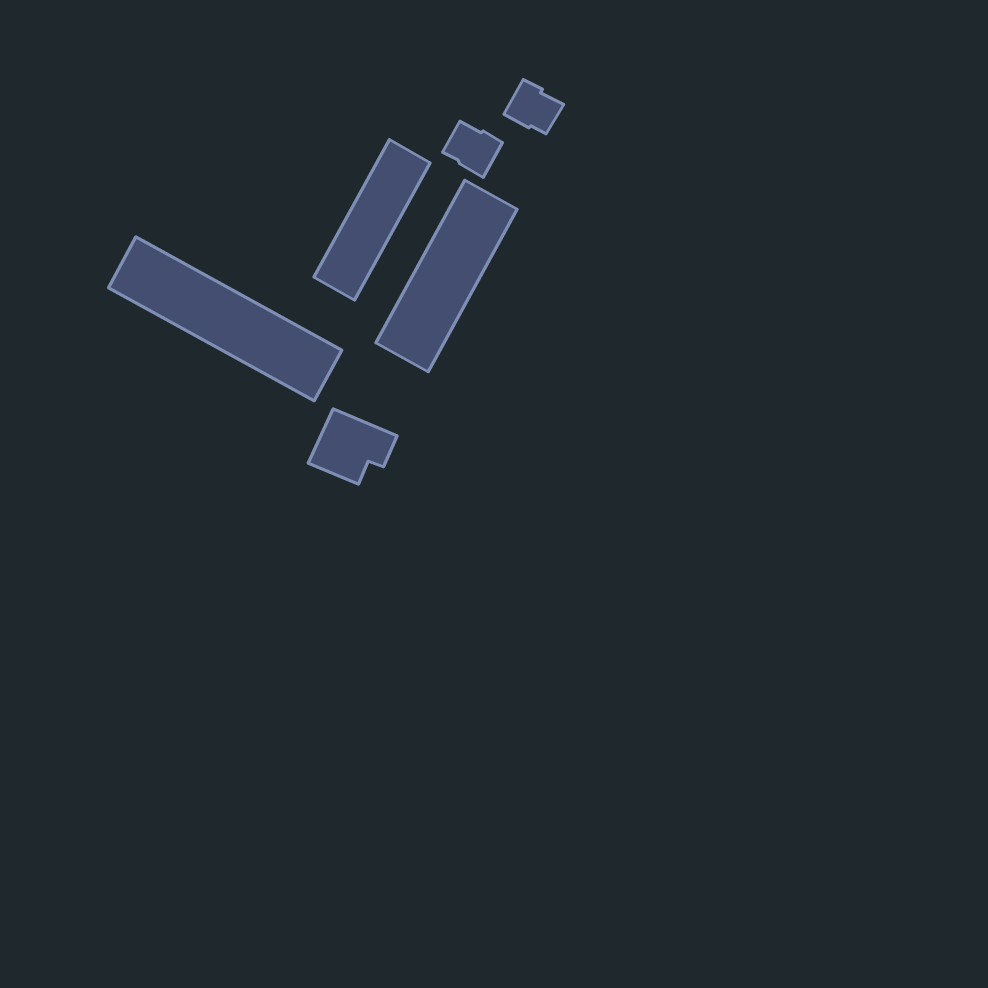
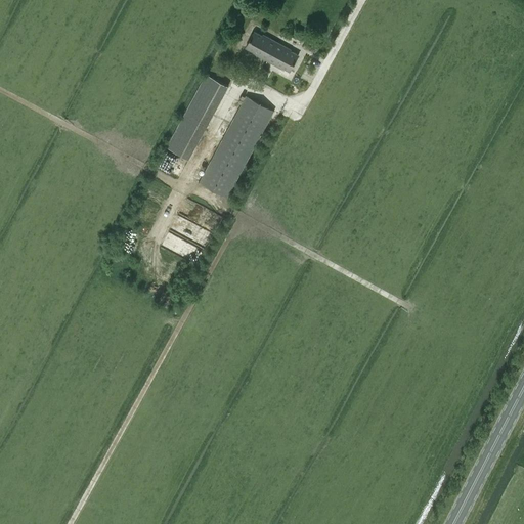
building: [442,121,502,177] -> [245,32,276,61]
building: [108,237,342,401] -> none

